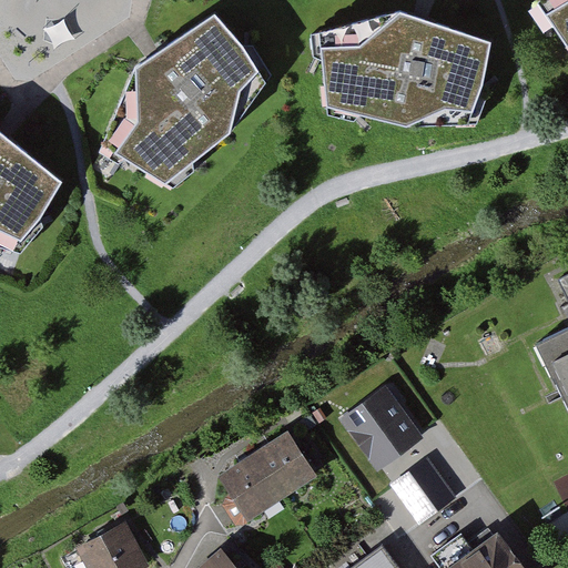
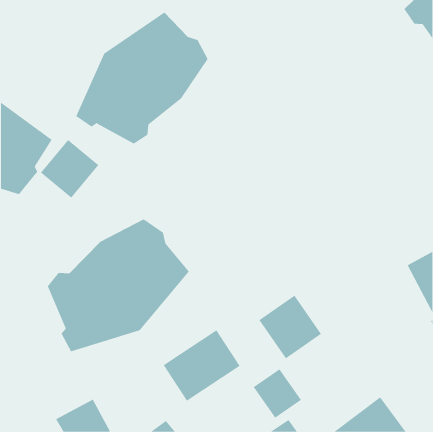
building: [307,13,493,124] -> none
building: none -> [40,139,99,198]
building: none -> [47,218,189,352]
building: [393,459,457,525] -> [253,368,302,418]

